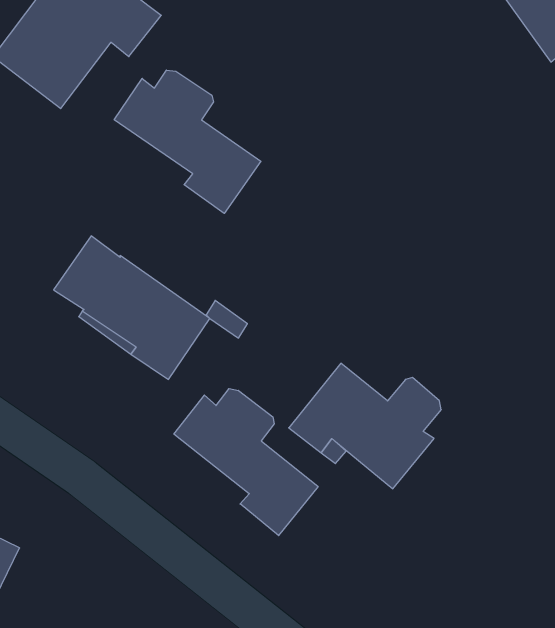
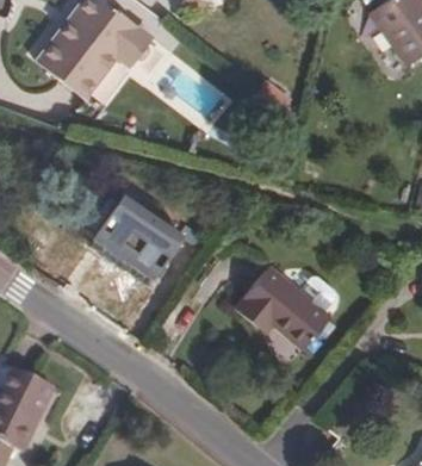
building: [114,70,261,213] -> none
building: [174,389,318,536] -> none

